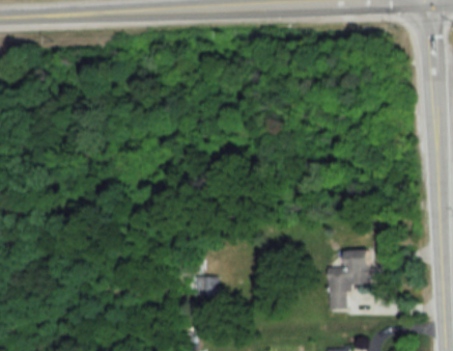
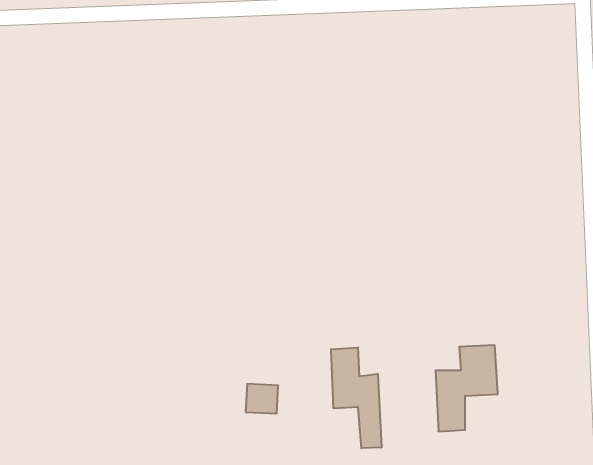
building: none -> [331,347,382,448]

